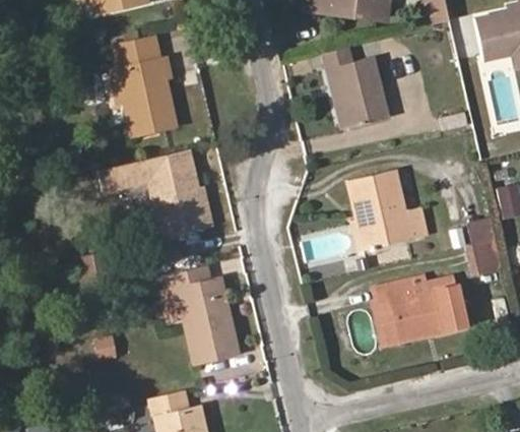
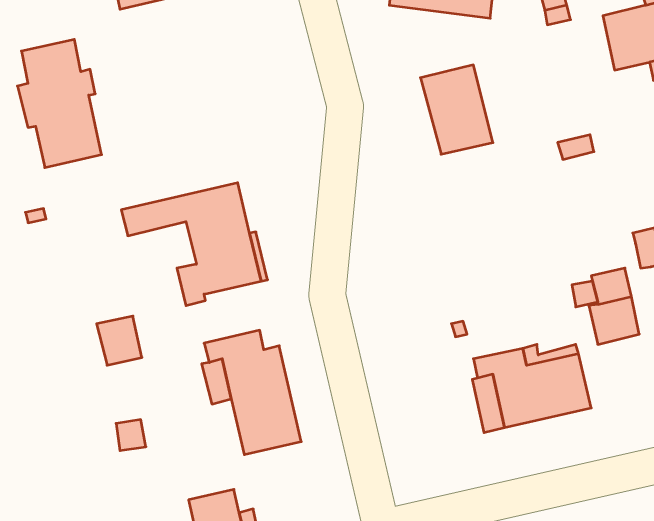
building: [111,35,177,135] -> [17,39,102,168]
building: [324,47,353,129] -> none
building: [348,170,428,250] -> none

